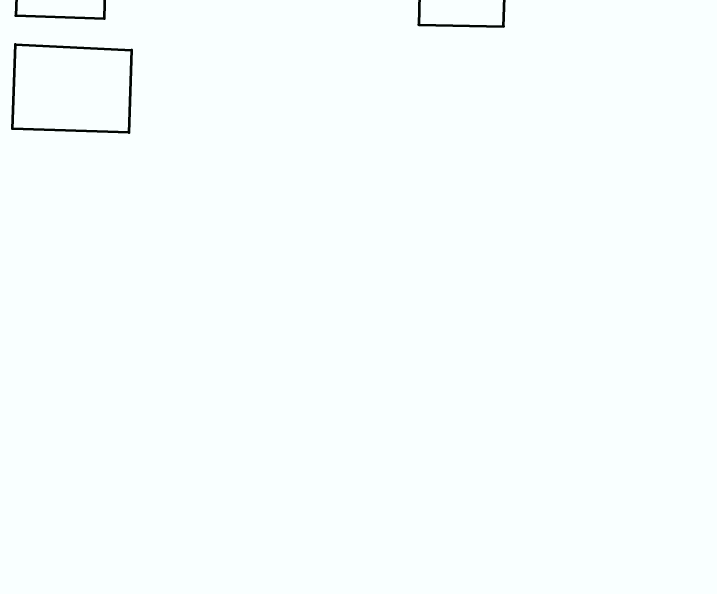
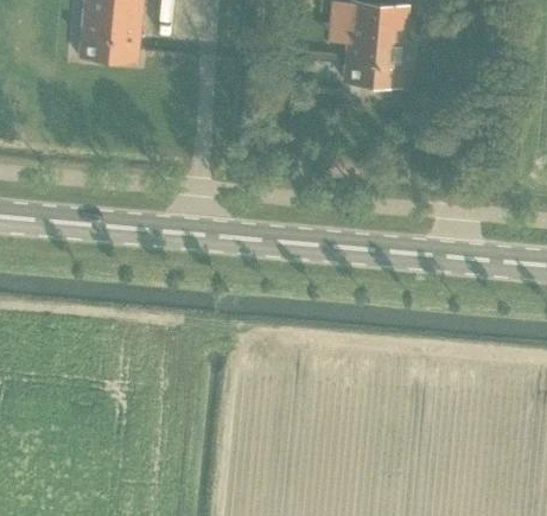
building: [12,44,132,133] -> none

